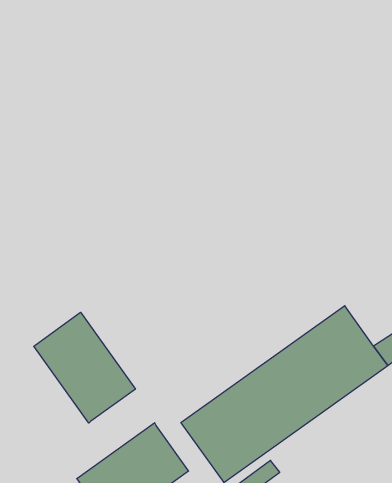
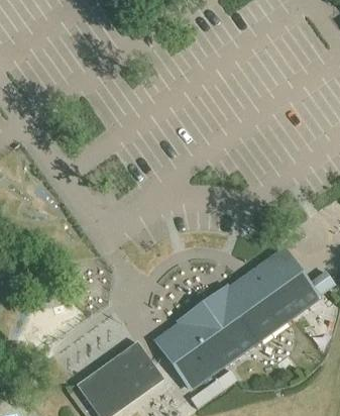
building: [34,312,135,423] -> none

